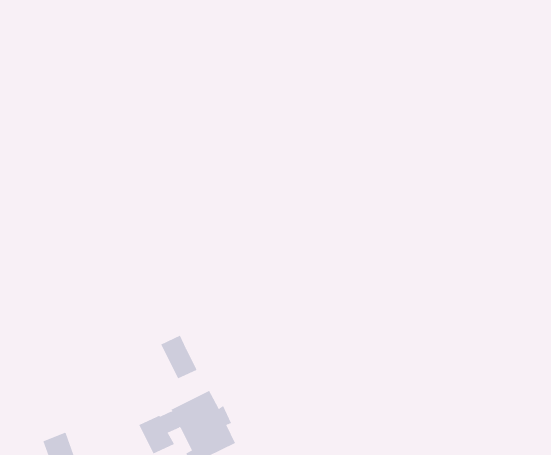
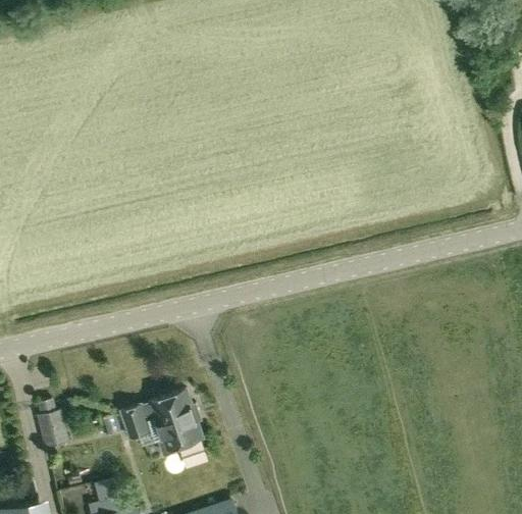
building: [160,335,197,379] -> none

